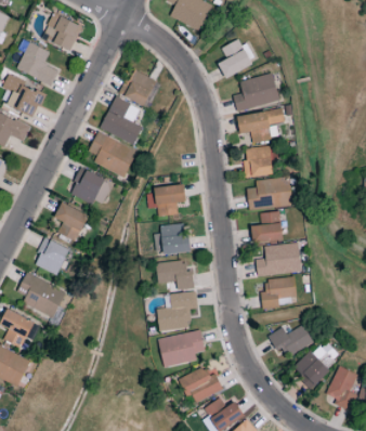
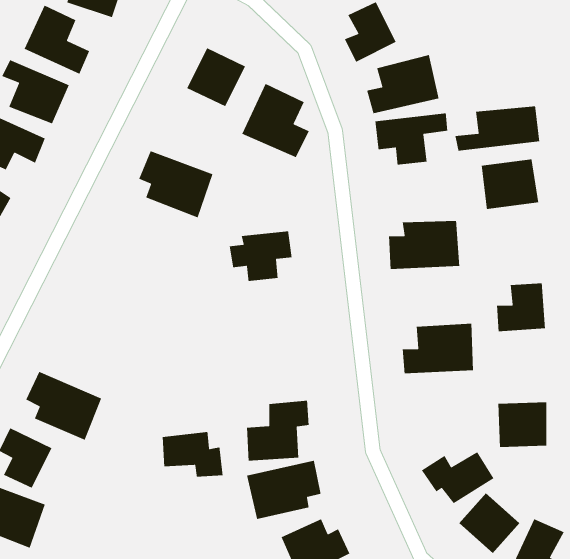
building: [100,96,143,144] -> [241,83,310,158]
building: none -> [455,106,540,152]
building: [244,144,280,177] -> [481,158,539,210]
building: [68,167,113,204] -> none
building: [55,203,89,241] -> none
building: [251,211,283,243] -> [496,283,546,332]
building: [154,223,191,254] -> none
building: [34,237,70,275] -> none
building: [156,260,195,289] -> [162,431,224,477]
building: [263,277,295,306] -> [497,402,547,448]

